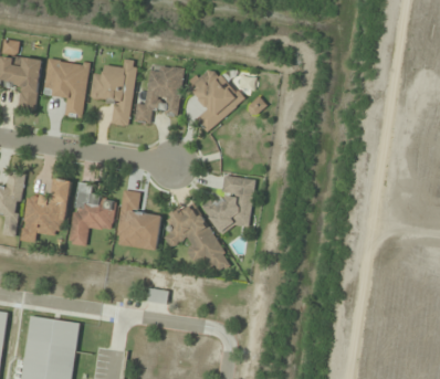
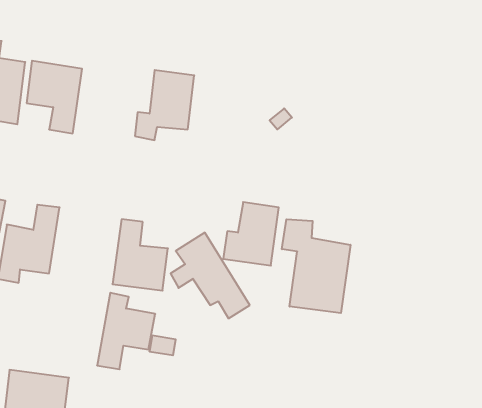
building: [90,59,137,126] -> none
building: [186,66,244,133] -> none
building: [67,181,116,245] -> [97,293,155,369]
building: none -> [282,219,350,313]

